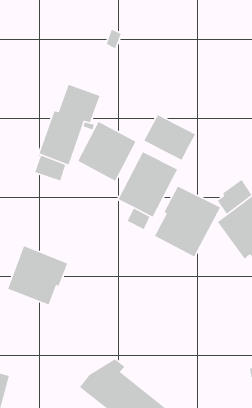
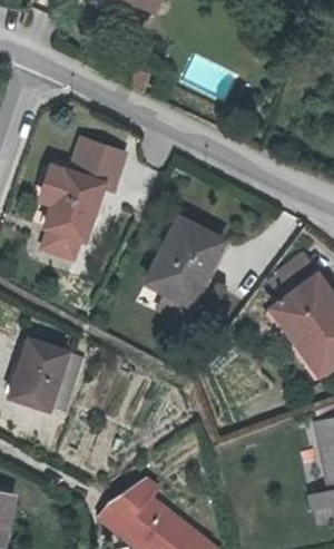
building: [143,114,196,161] -> none
building: [77,121,137,182] -> none
building: [154,185,221,257] -> none

